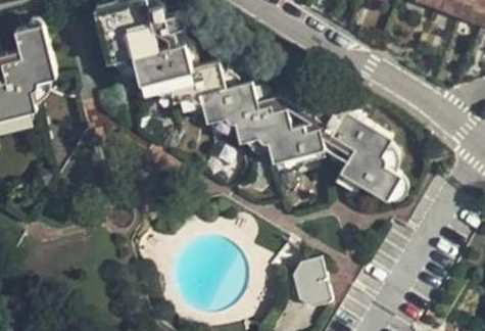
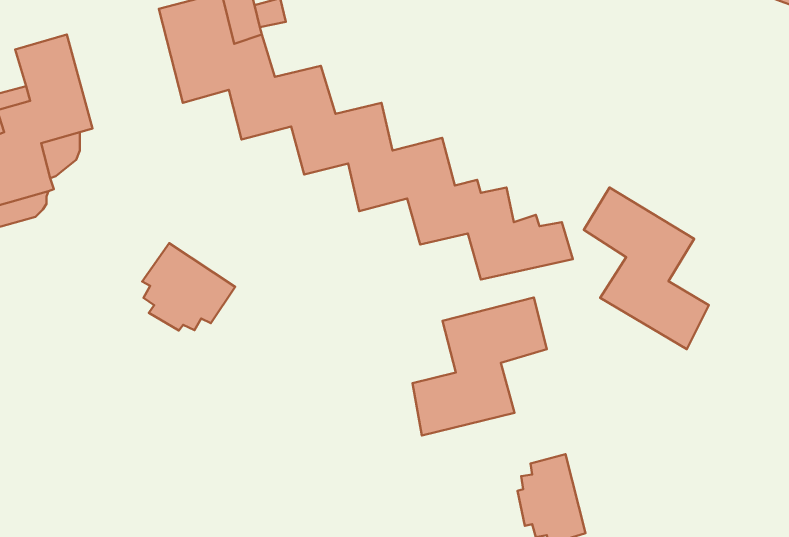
building: none -> [142,243,235,330]
building: none -> [412,297,547,435]

